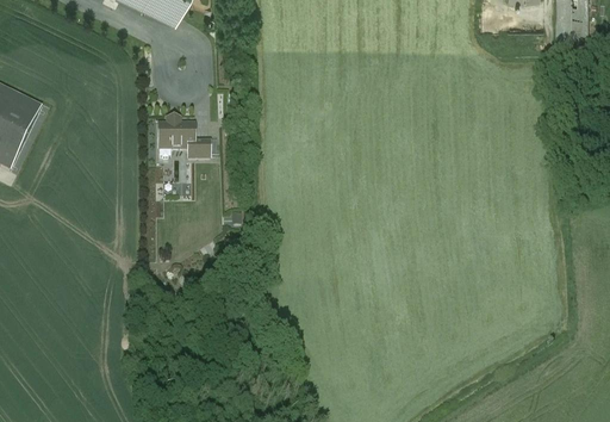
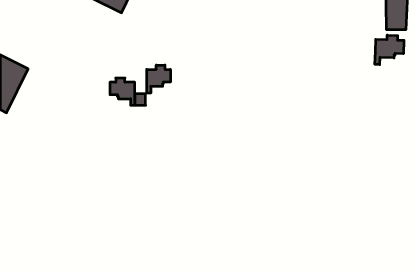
building: none -> [375,35,404,65]
building: none -> [147,65,170,93]

